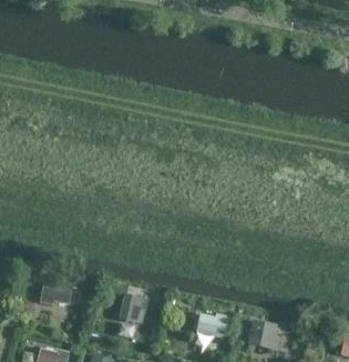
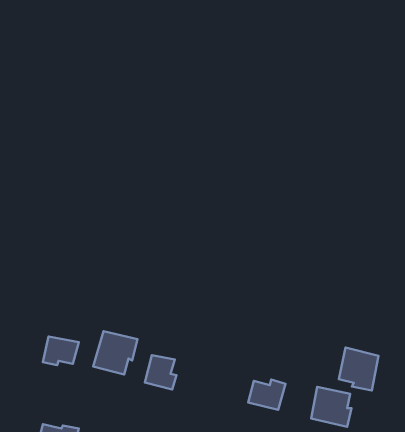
building: none -> [93,331,137,374]
building: none -> [339,348,378,390]

